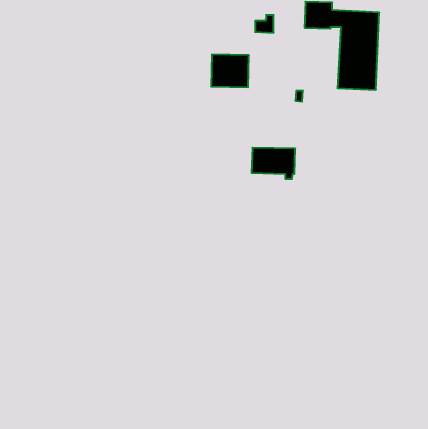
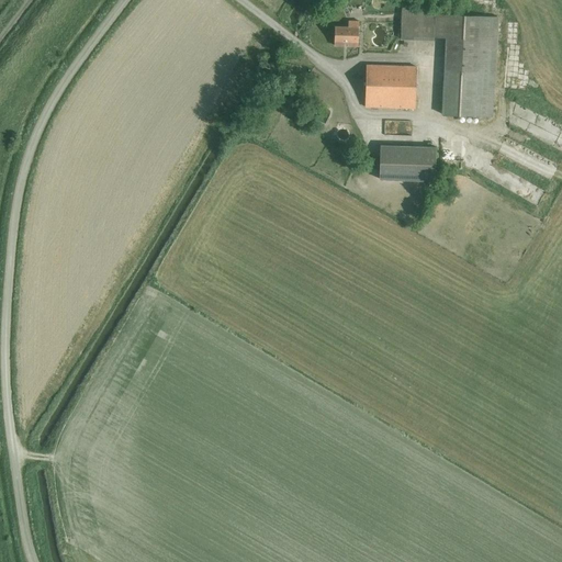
building: [211,54,249,87] -> [367,66,416,109]
building: [252,148,295,179] -> [380,147,437,188]

